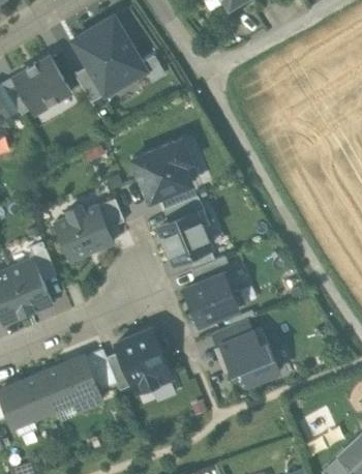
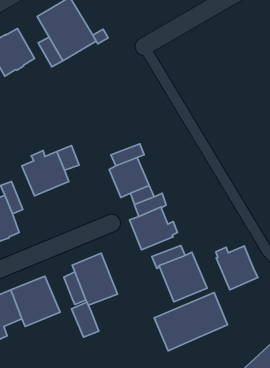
building: [132,140,191,202] -> none
building: none -> [216,246,258,290]
building: [83,349,116,391] -> [72,302,99,337]
building: none -> [154,292,228,351]

